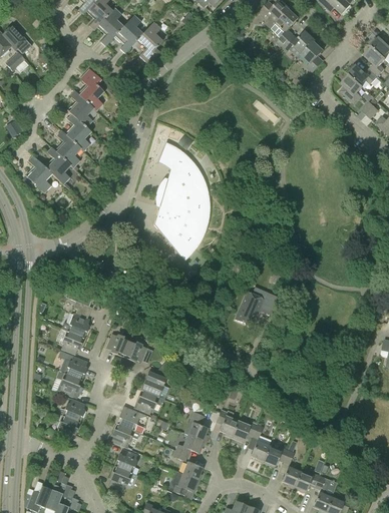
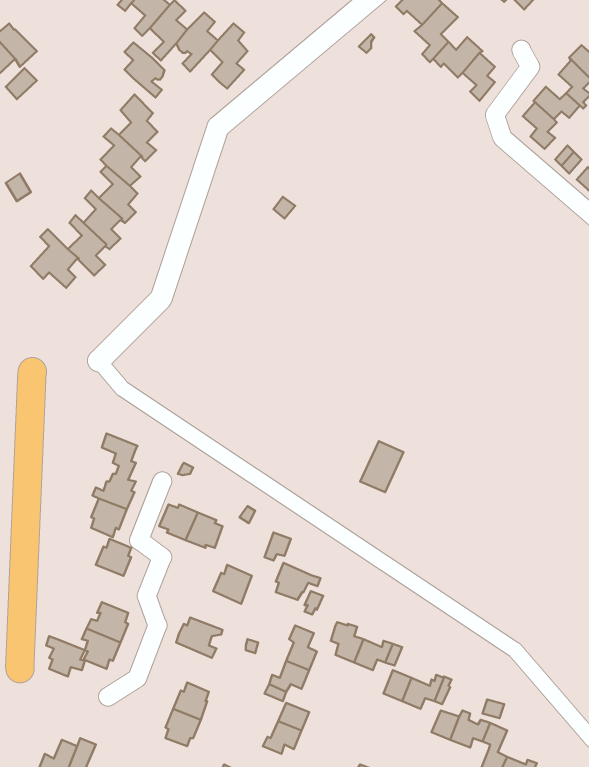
building: none -> [124,42,165,97]
building: [154,143,209,260] -> none
building: [57,371,82,397] -> [46,636,85,676]
building: [135,390,164,414] -> [276,563,321,600]
building: [110,423,139,448] -> none

